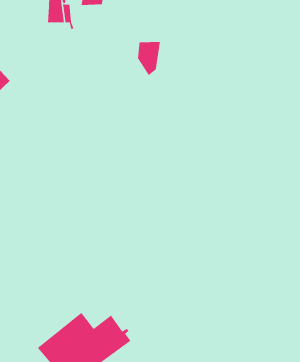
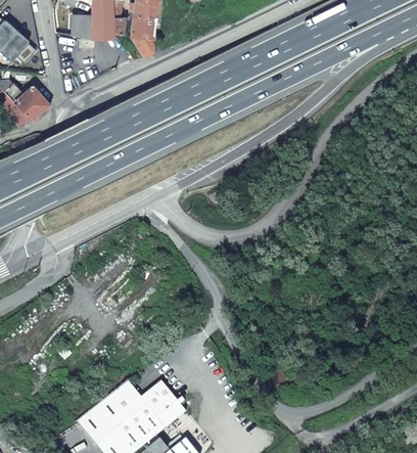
building: none -> [70,19,92,39]
building: [137,41,161,76] -> [128,17,155,58]

